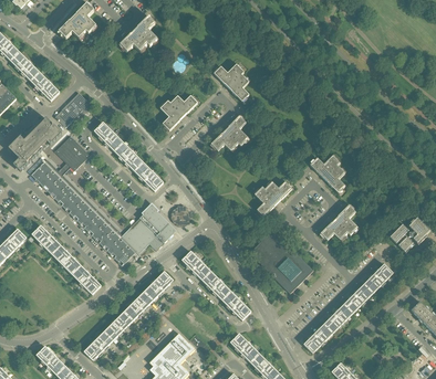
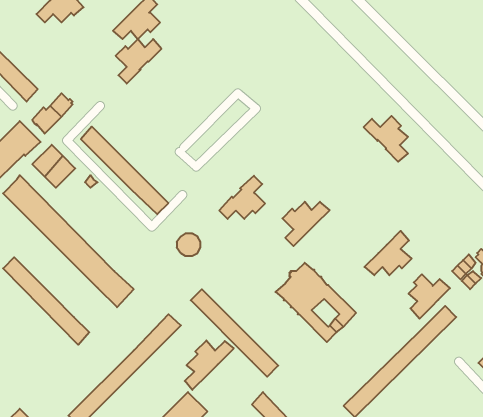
building: [212,64,248,102] -> none
building: [159,95,196,130] -> [116,39,161,84]
building: [210,116,247,150] -> [219,176,265,219]
building: [309,156,344,192] -> [364,116,408,162]
building: [120,208,176,251] -> none
building: none -> [409,274,450,319]
building: none -> [185,340,234,390]

